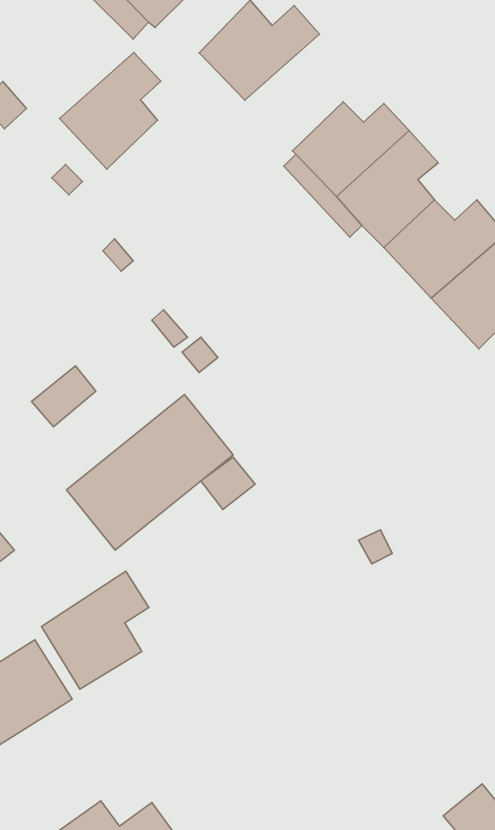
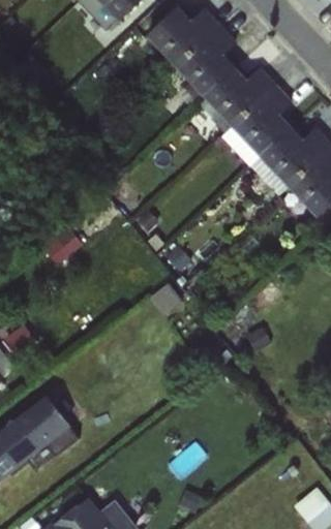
building: [59,53,161,169] -> [176,28,238,99]
building: [67,395,233,550] -> none
building: [41,571,149,689] -> none

